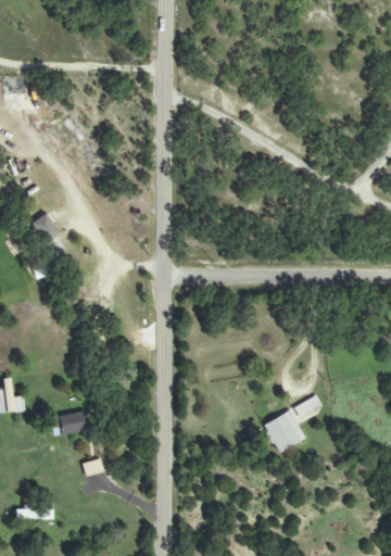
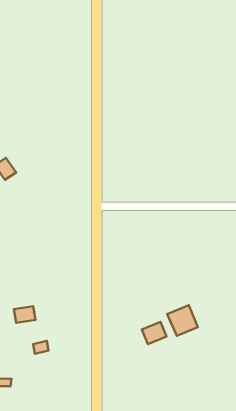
building: [290,395,323,421] -> none
building: none -> [142,322,166,344]

